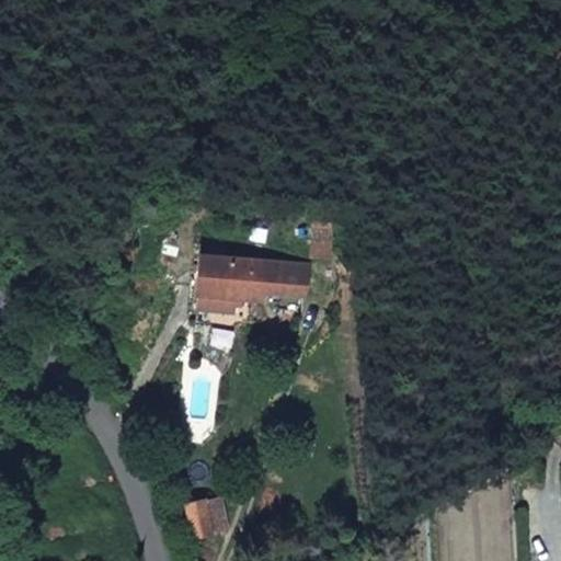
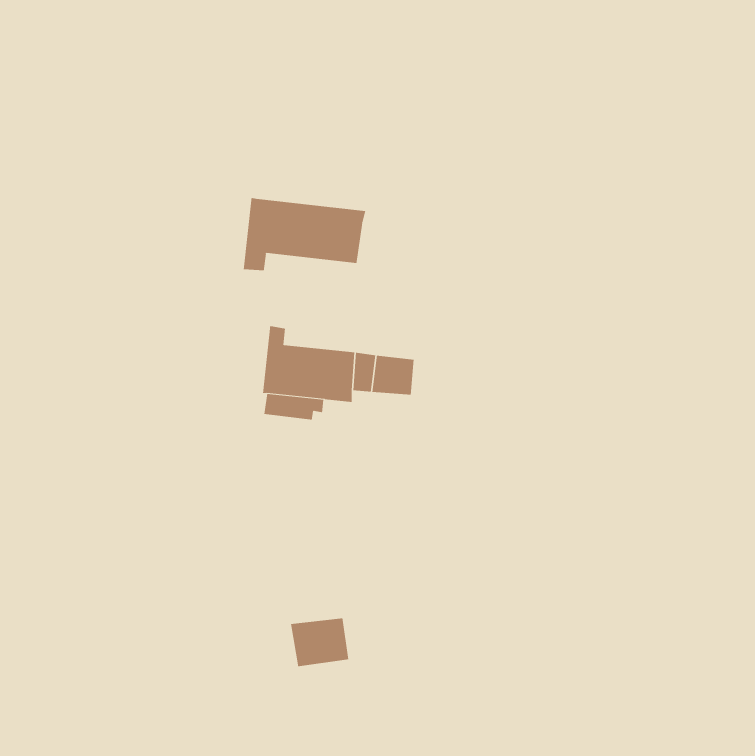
building: none -> [243,197,366,271]
building: [187,502,231,538] -> [290,618,349,667]

